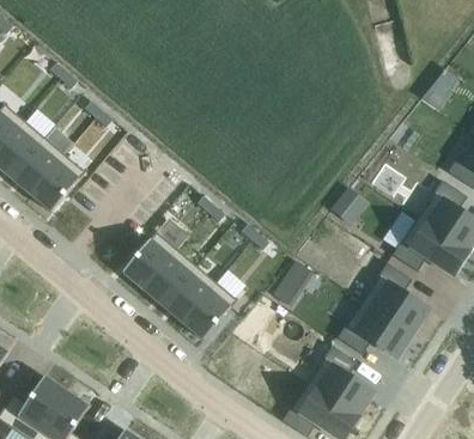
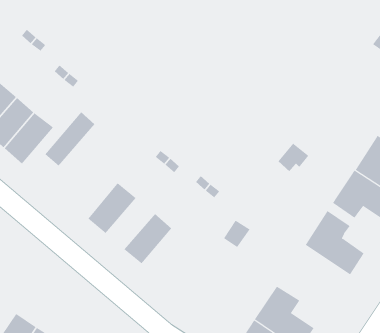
building: none -> [45,111,95,166]
building: [142,249,196,305] -> none
building: [182,282,237,340] -> none
building: [336,300,412,358] -> none

